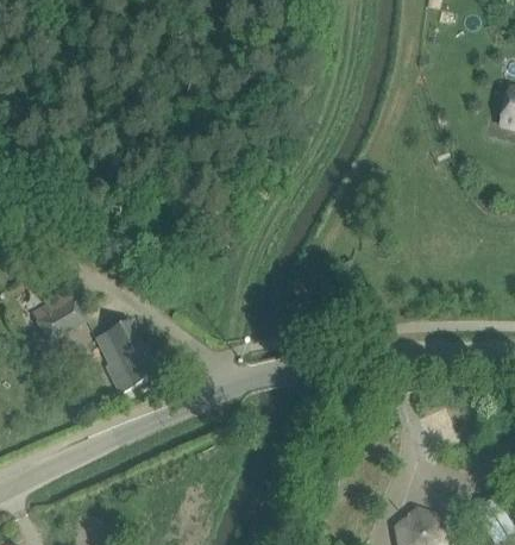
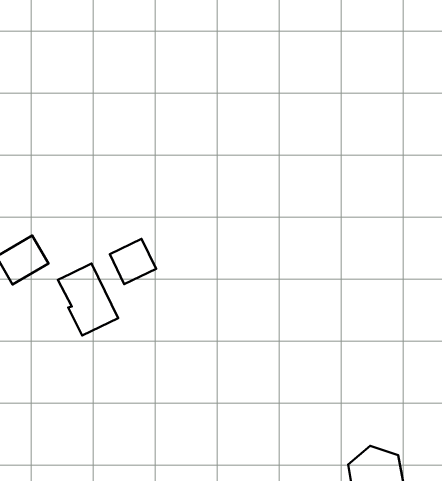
building: none -> [110,239,156,284]

